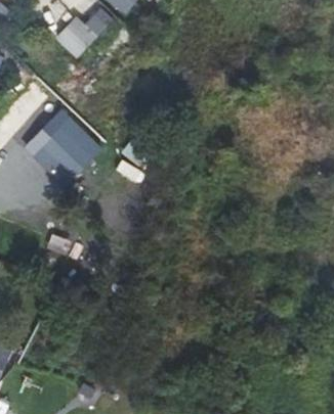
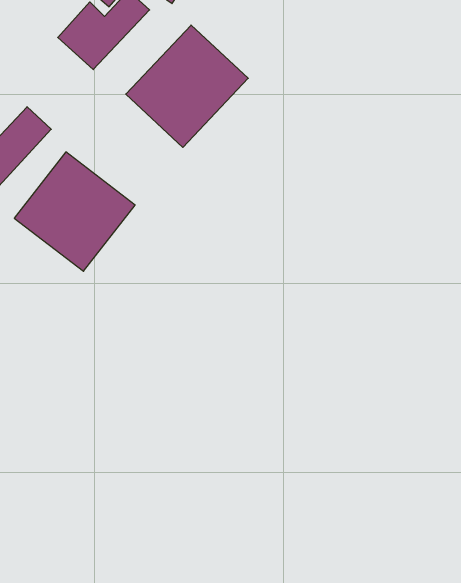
building: none -> [126,25,248,147]

